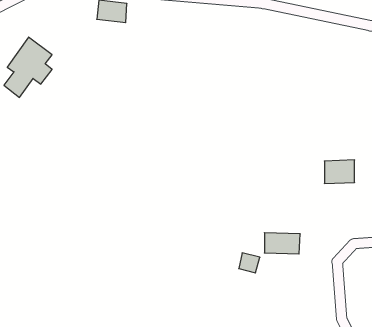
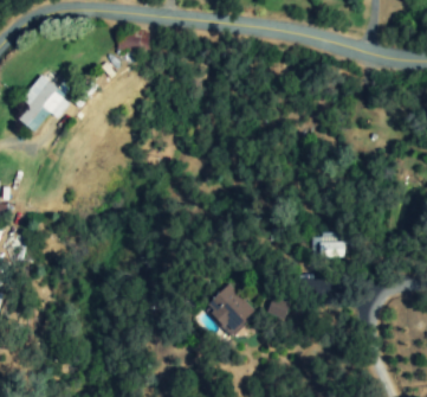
building: [324,160,355,183] -> [311,232,343,257]
building: none -> [205,282,254,333]

